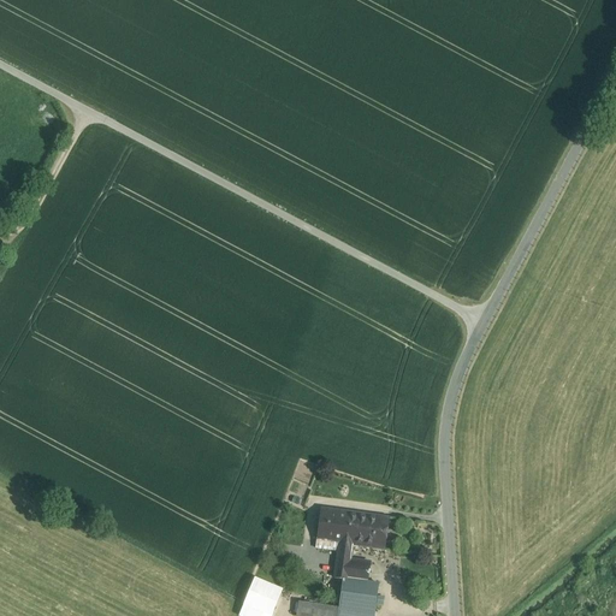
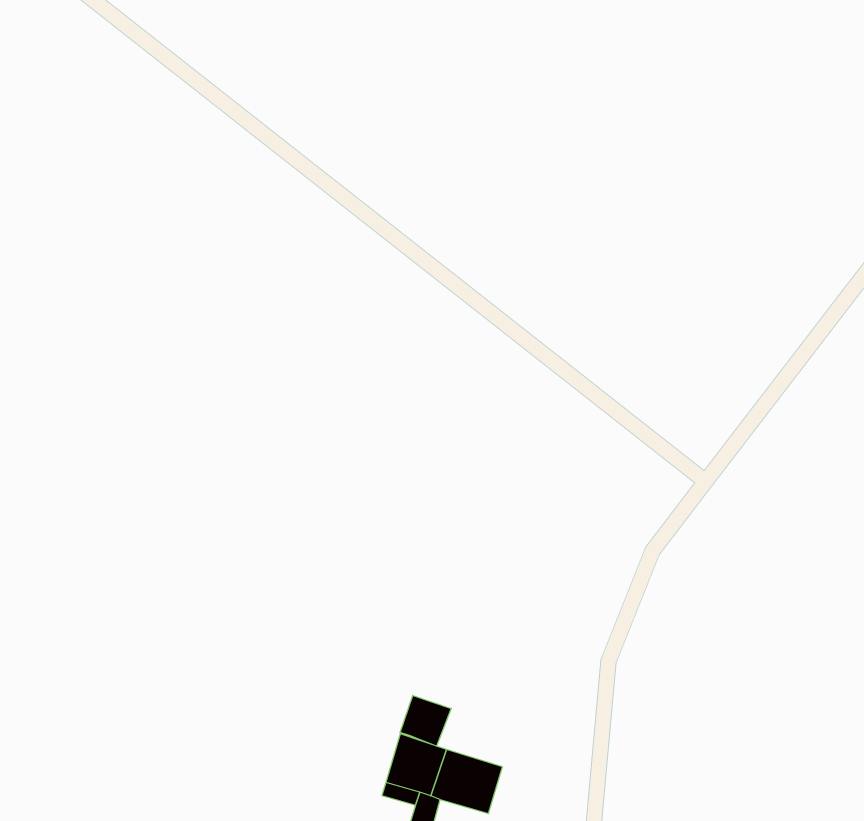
building: none -> [400,695,451,746]

